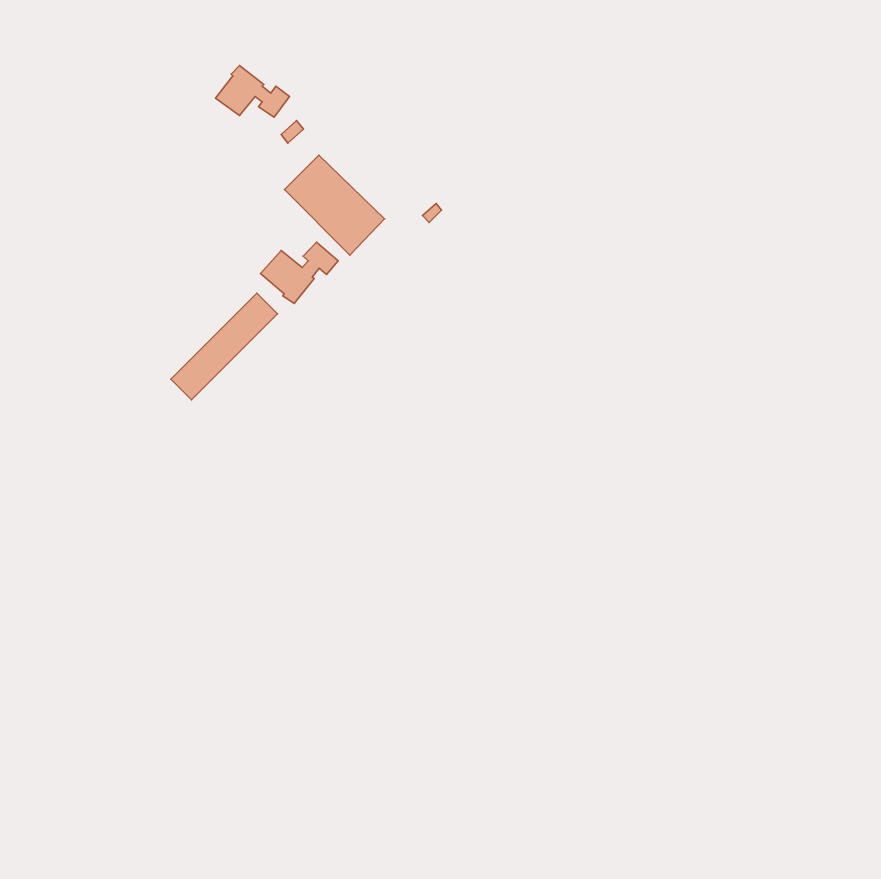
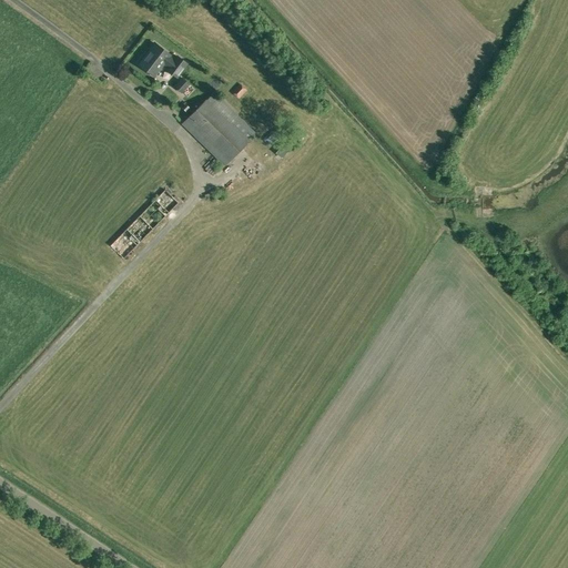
building: [260,242,338,303] -> none

